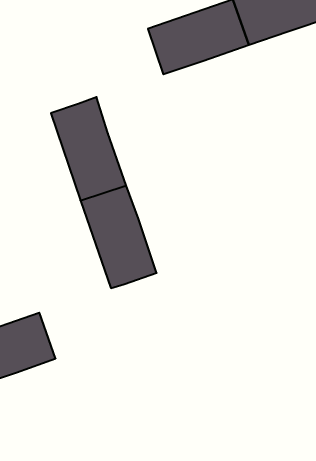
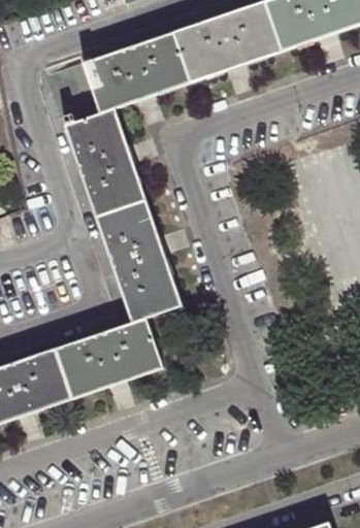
building: none -> [78,35,188,117]
building: none -> [54,312,162,393]

